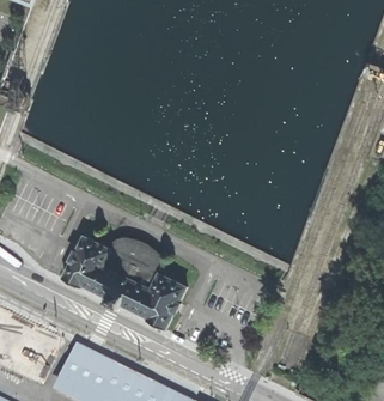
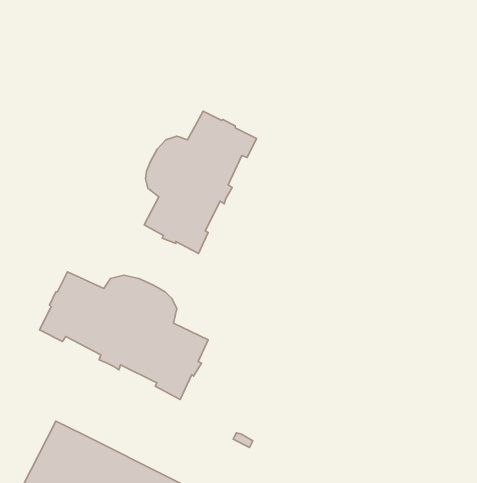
building: none -> [144,111,257,253]

